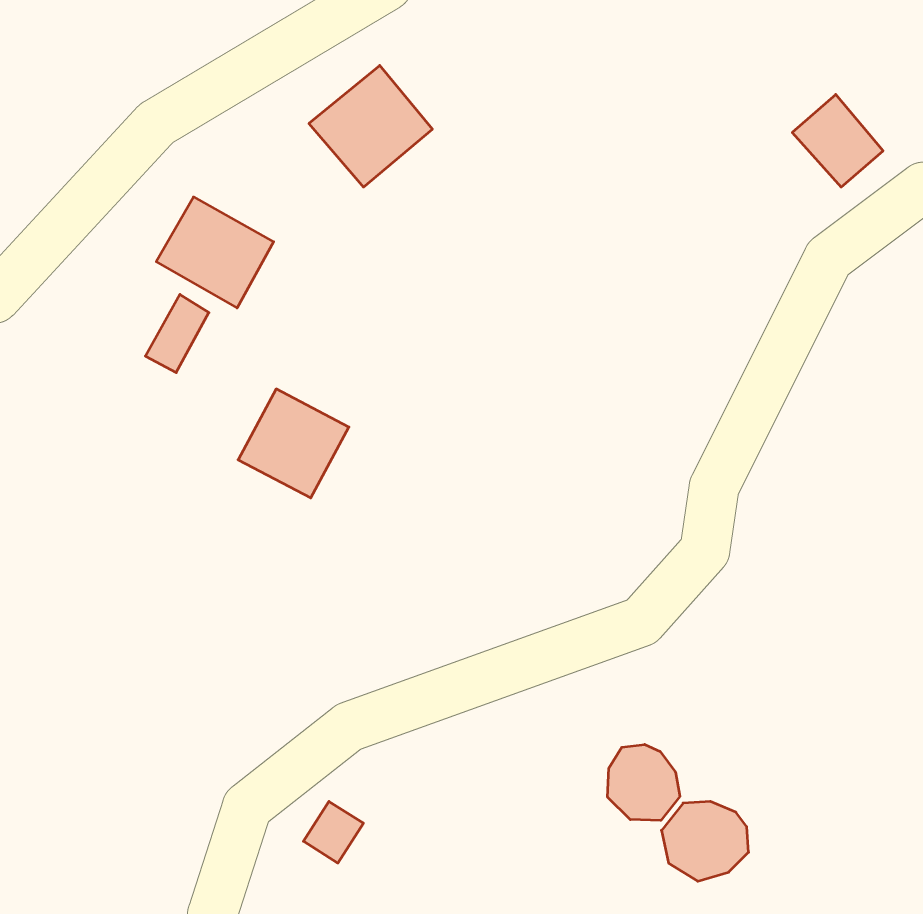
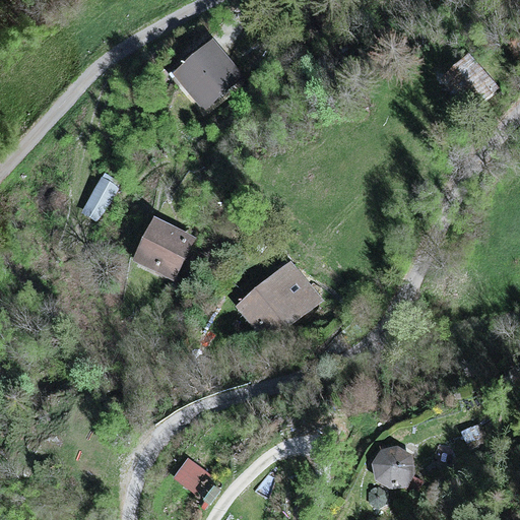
building: [156,197,274,308] -> none
building: none -> [234,262,325,350]
building: [608,744,680,820] -> none

